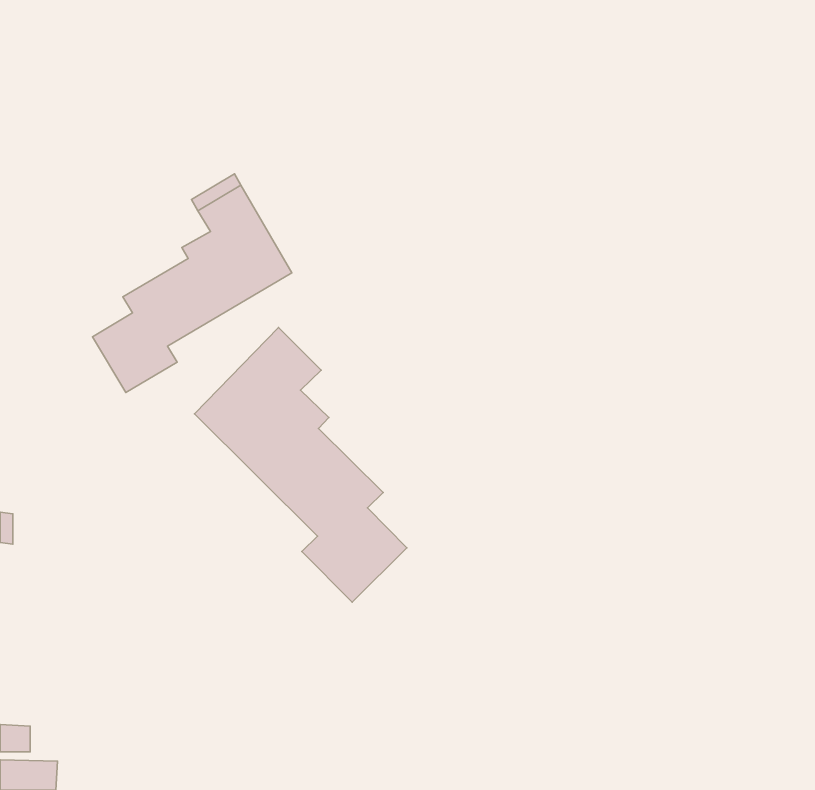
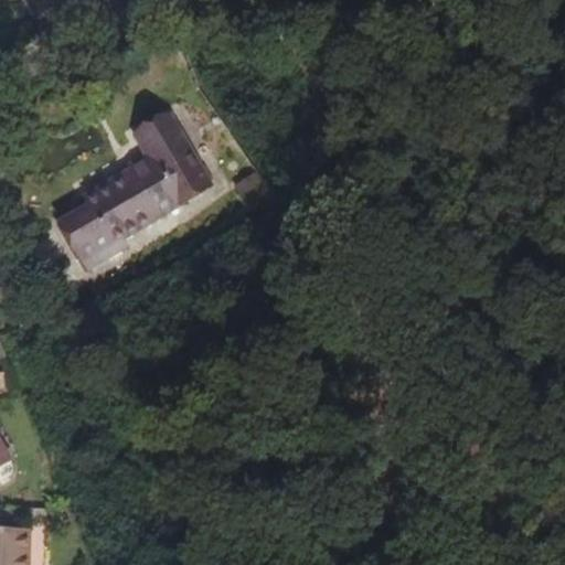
building: [195,328,407,602] -> none

